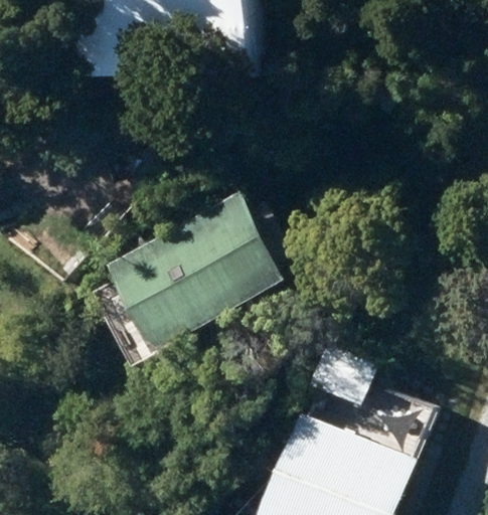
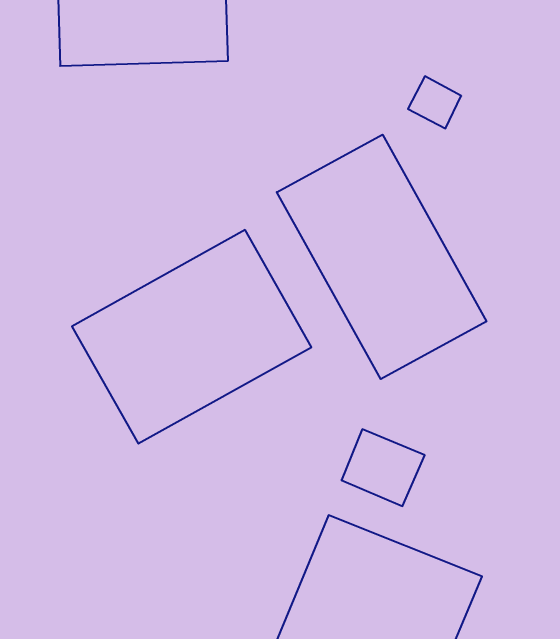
building: none -> [277,135,486,379]

